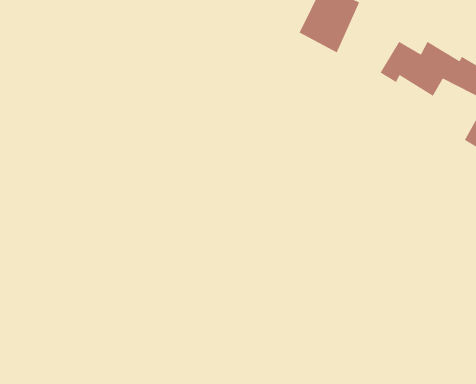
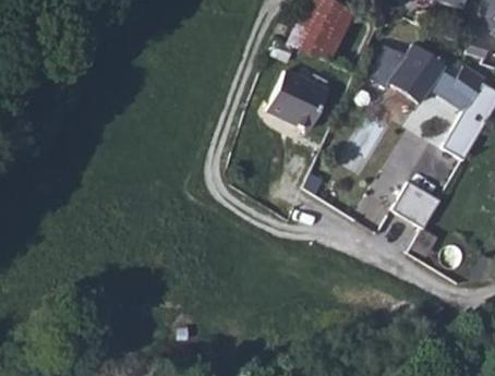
building: none -> [271,71,333,130]
building: none -> [397,177,445,223]

